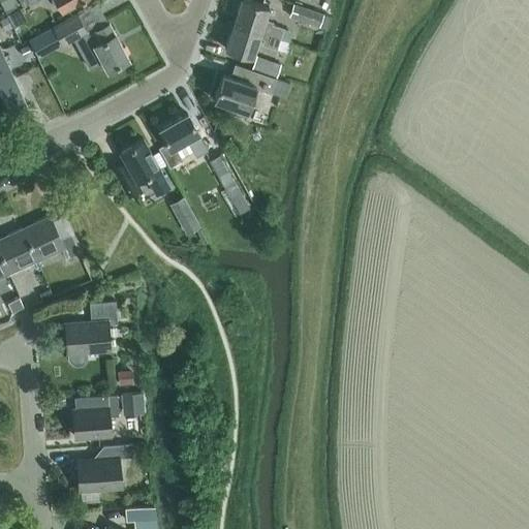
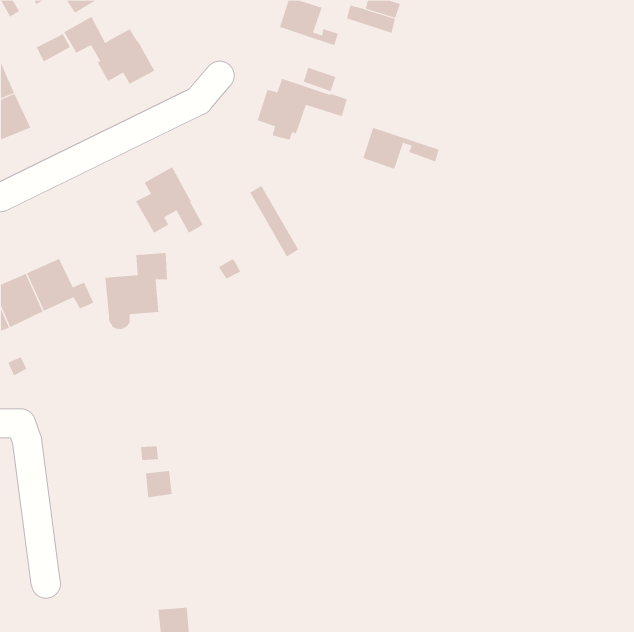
building: [224,25,288,60] -> [363,127,440,170]
building: [158,116,208,169] -> none
building: [64,303,117,367] -> [104,253,168,329]
building: [72,395,119,438] -> none
building: [73,445,133,492] -> none

